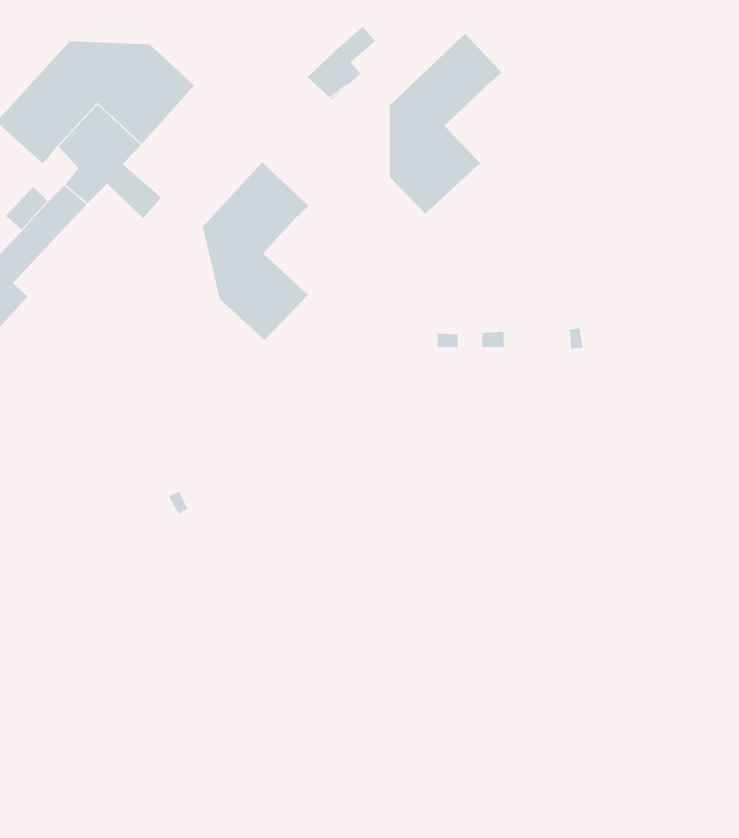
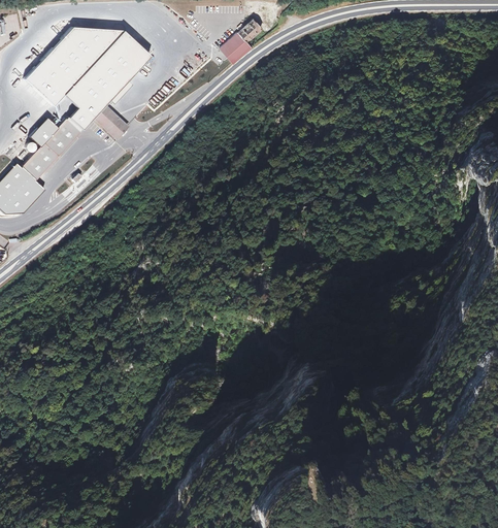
building: [389,33,502,215] -> none
building: [202,161,309,341] -> none

